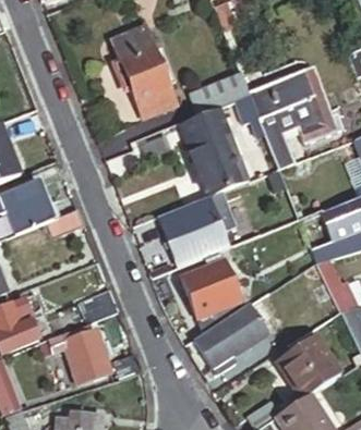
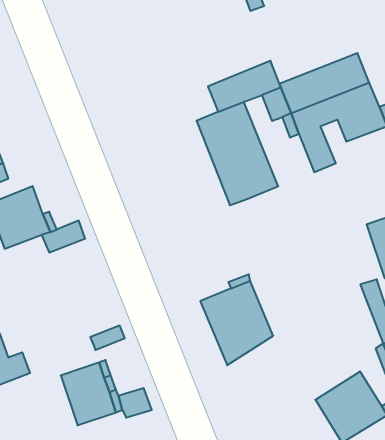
building: [111,26,172,112] -> none
building: [160,189,238,265] -> none
building: [197,303,268,373] -> none

